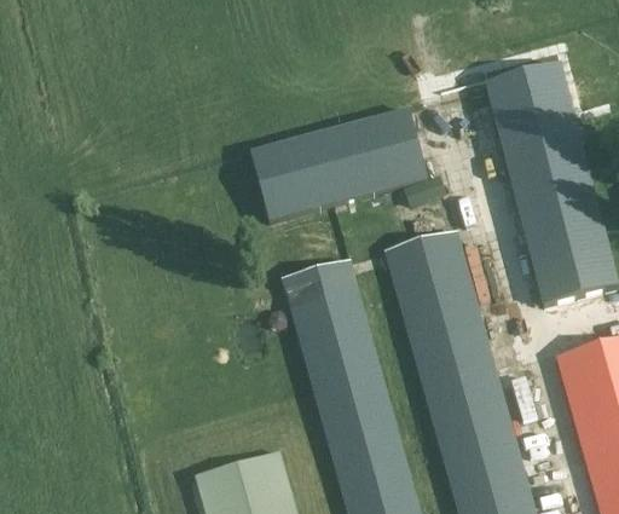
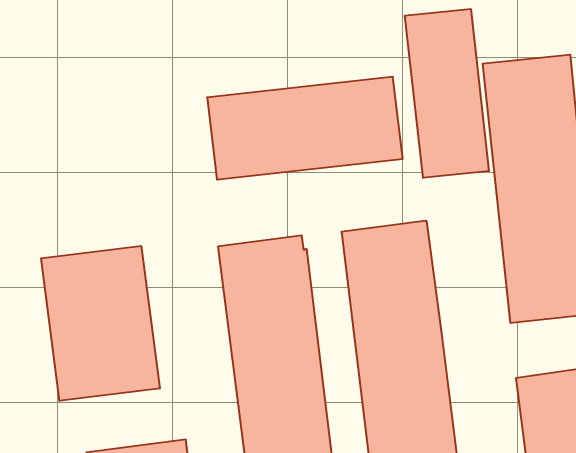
building: none -> [405,9,489,178]
building: none -> [41,246,160,401]

